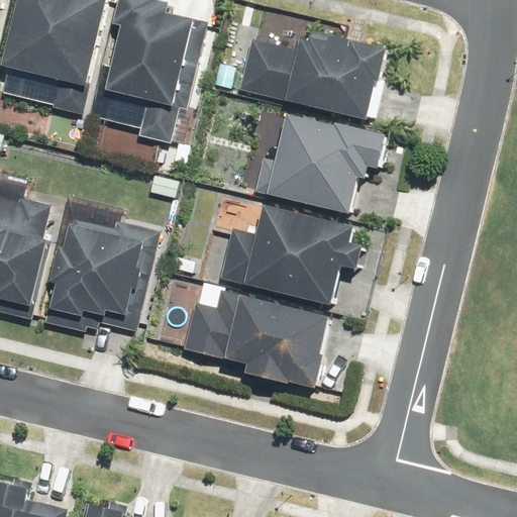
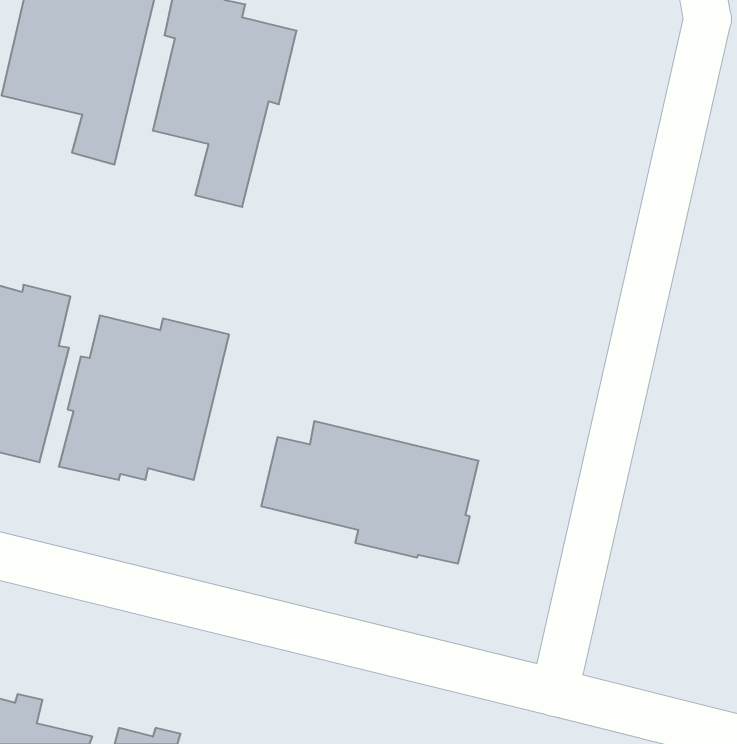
building: [236,29,387,119] -> none
building: [250,113,386,214] -> none
building: [216,204,363,305] -> none

